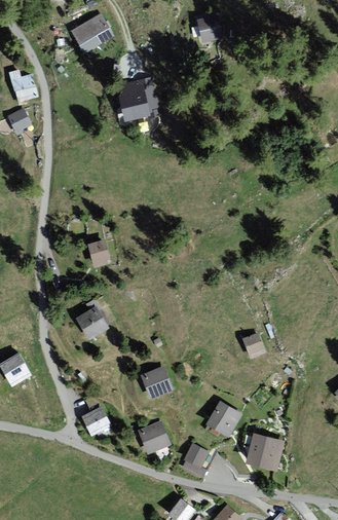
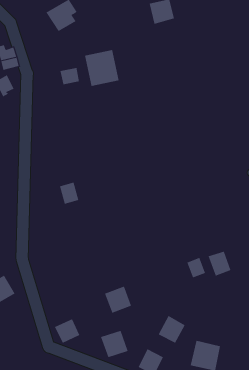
building: none -> [60,67,79,85]
building: [76,306,107,338] -> none
building: none -> [208,251,231,276]

